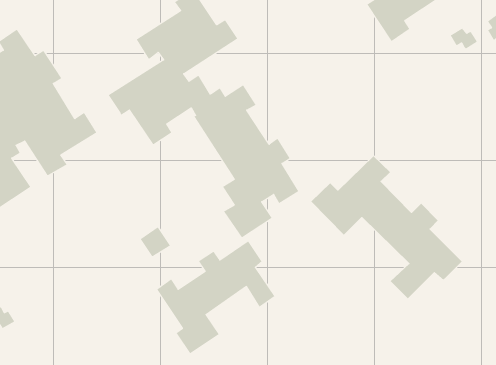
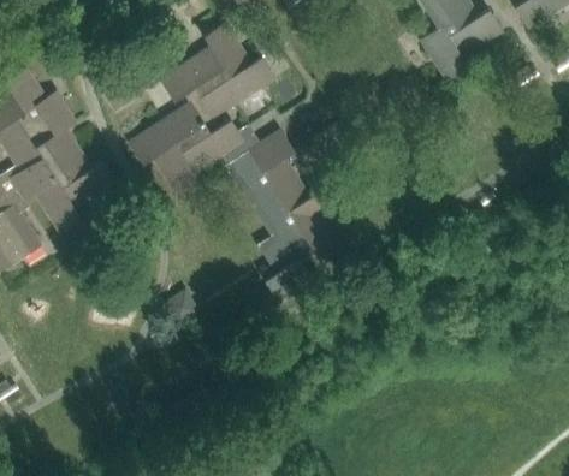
building: [311,156,463,299] -> none
building: [157,241,275,354] -> none

